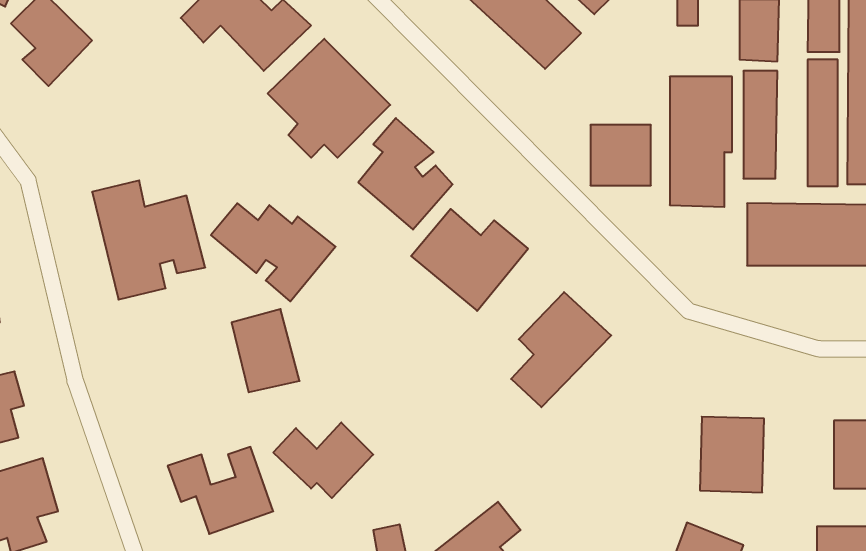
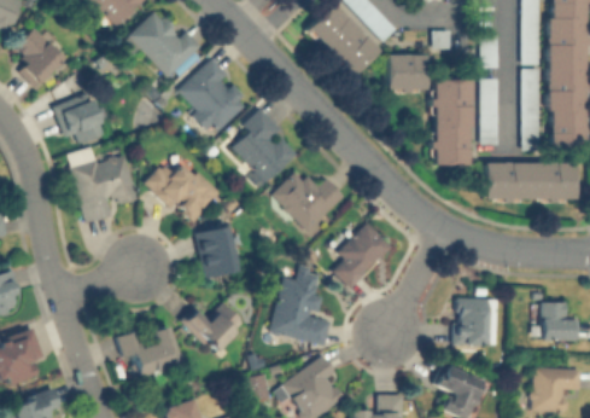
building: none -> [52,91,107,140]
building: [590,125,651,185] -> [387,54,426,93]
building: [232,309,300,392] -> [195,226,239,279]
building: none -> [269,275,333,346]

